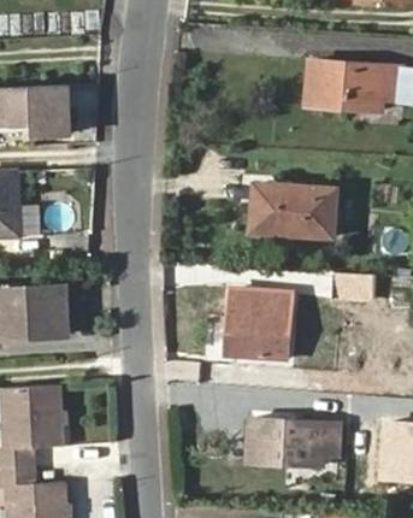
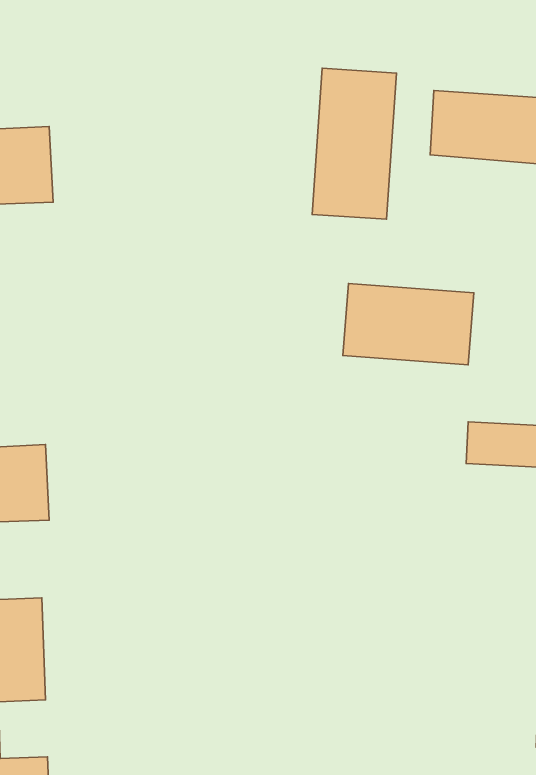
building: none -> [312,68,397,219]
building: [230,293,290,357] -> none
building: [249,420,338,464] -> none

